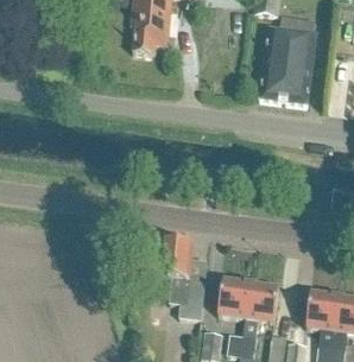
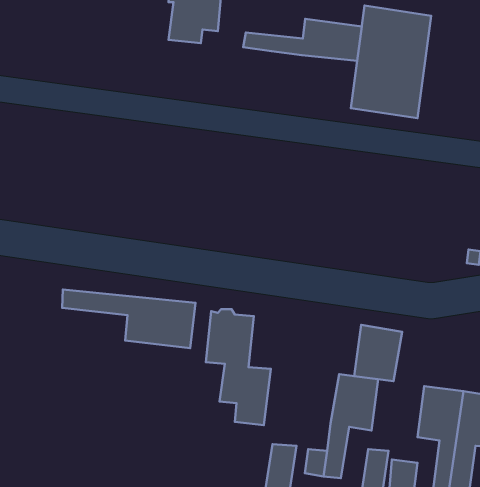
building: none -> [243,19,362,61]
building: none -> [62,290,196,348]
building: [219,278,252,317] -> [354,325,402,381]

